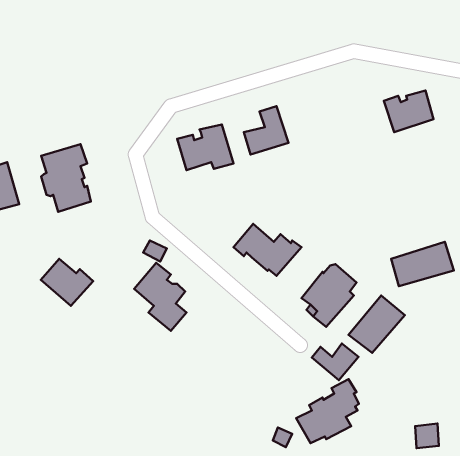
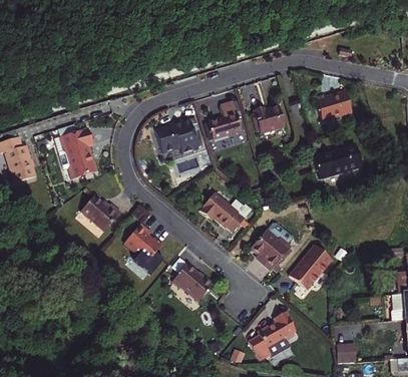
building: none -> [254,109,284,134]
building: [391,242,454,286] -> [315,143,363,177]
building: [41,259,93,306] -> [81,195,121,231]
building: none -> [171,259,213,303]
building: [312,343,358,380] -> none

